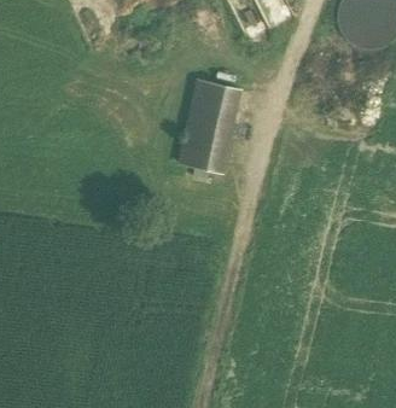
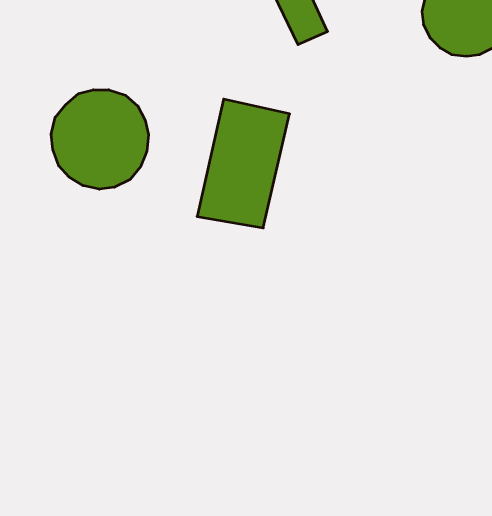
building: none -> [51,90,149,189]

